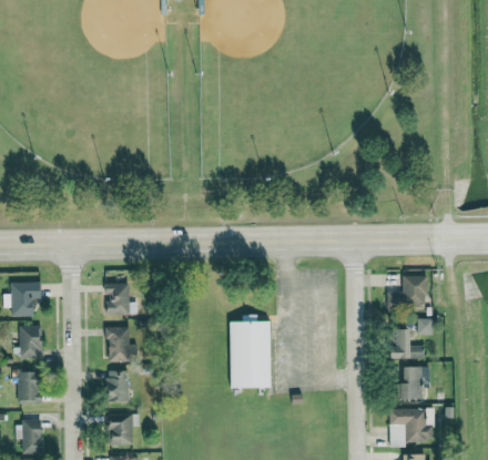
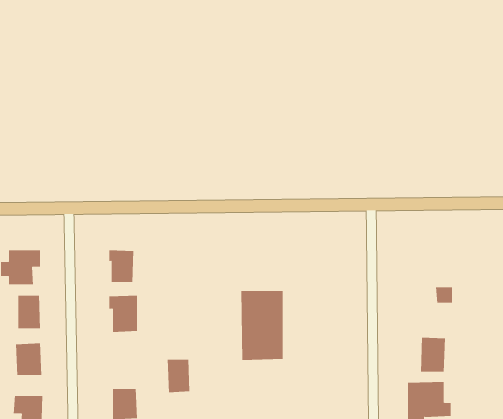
building: [386,275,427,307] -> none
building: [393,330,424,359] -> none
building: [106,370,129,402] -> [167,359,190,393]

